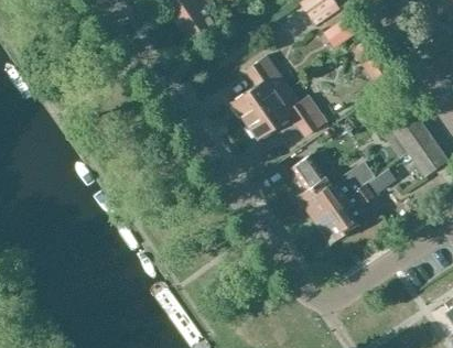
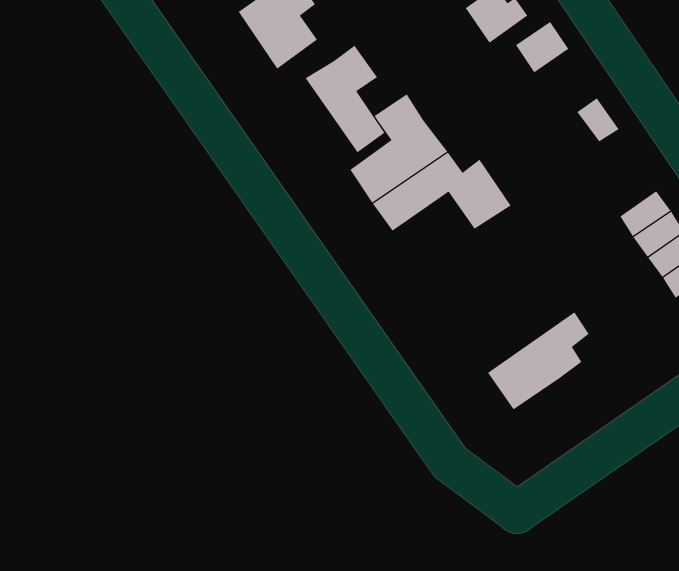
building: none -> [305,45,385,153]
building: [289,155,375,221] -> none

